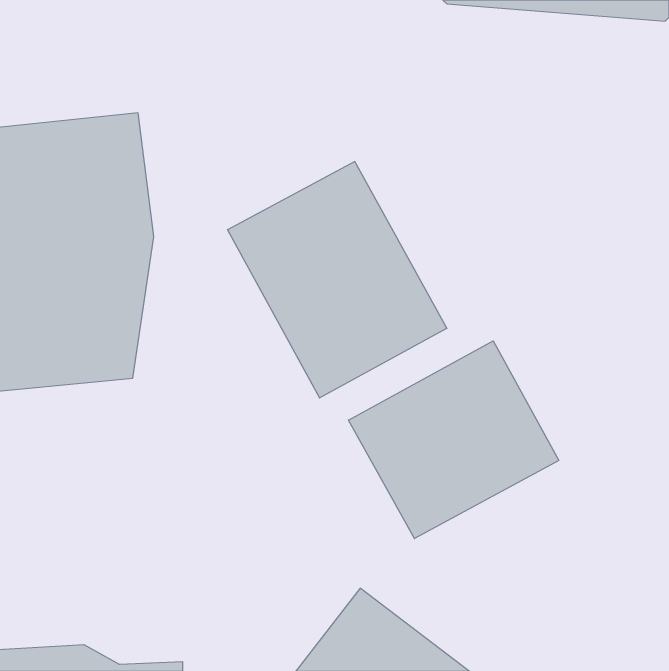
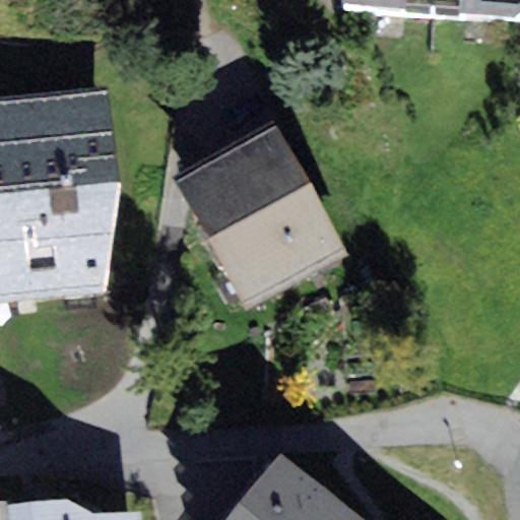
building: [348,341,559,539] -> none

